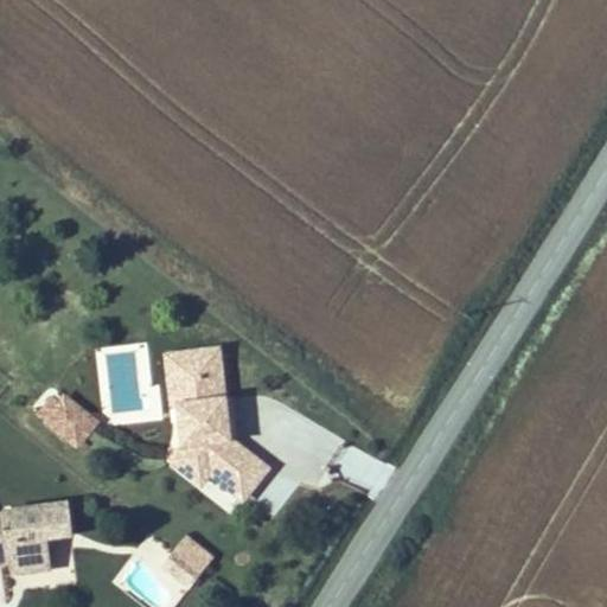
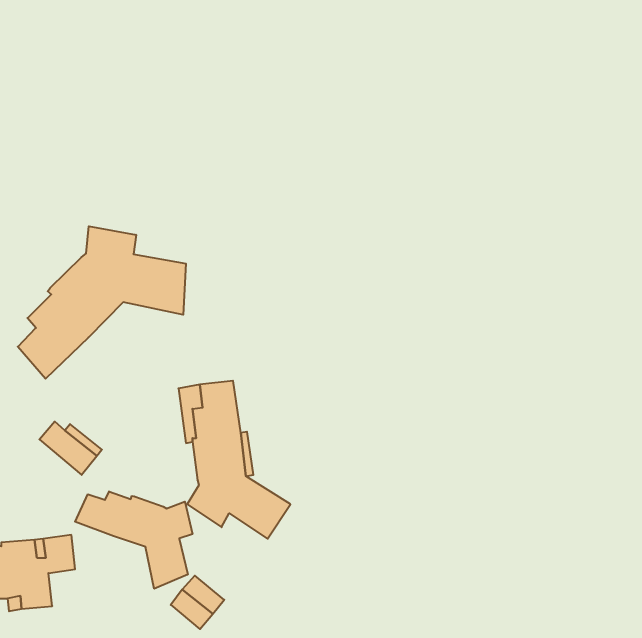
building: none -> [18,226,186,379]
building: none -> [75,491,192,589]

